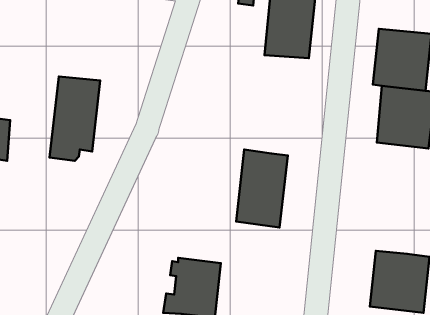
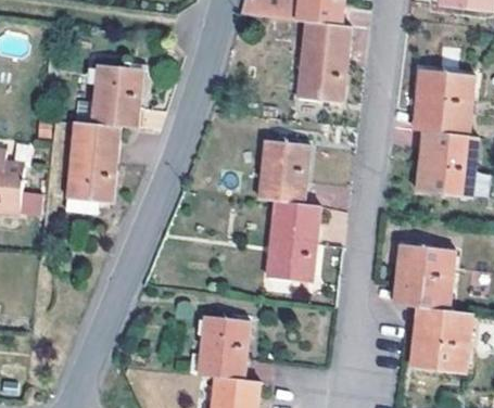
building: none -> [76,64,142,127]
building: none -> [258,140,311,203]
building: none -> [393,244,457,310]

